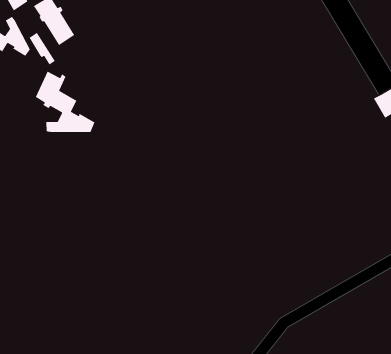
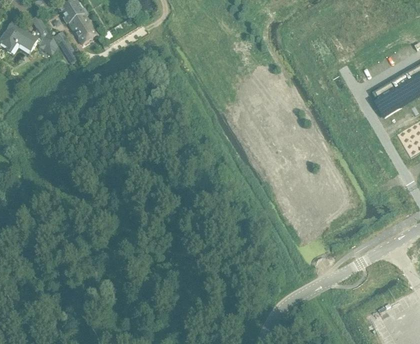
building: [35,71,95,133] -> none

